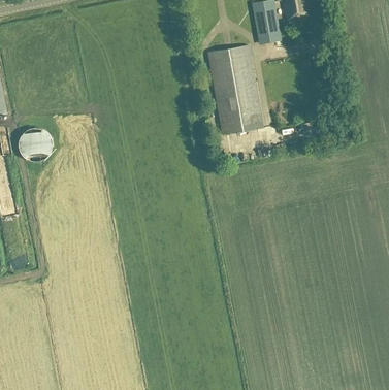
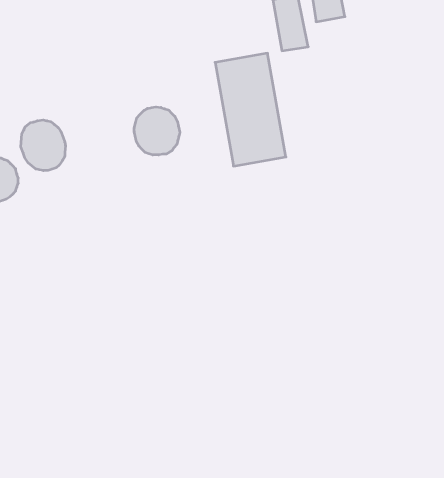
building: none -> [134,107,180,155]
building: none -> [21,120,65,171]

